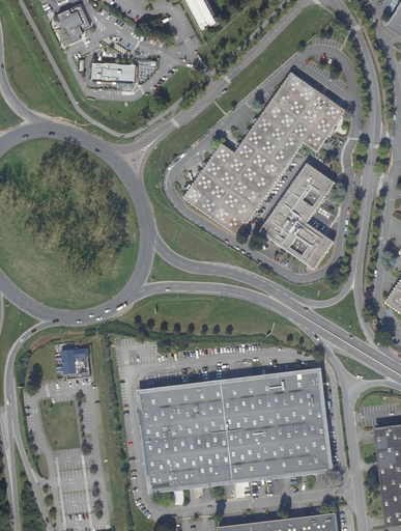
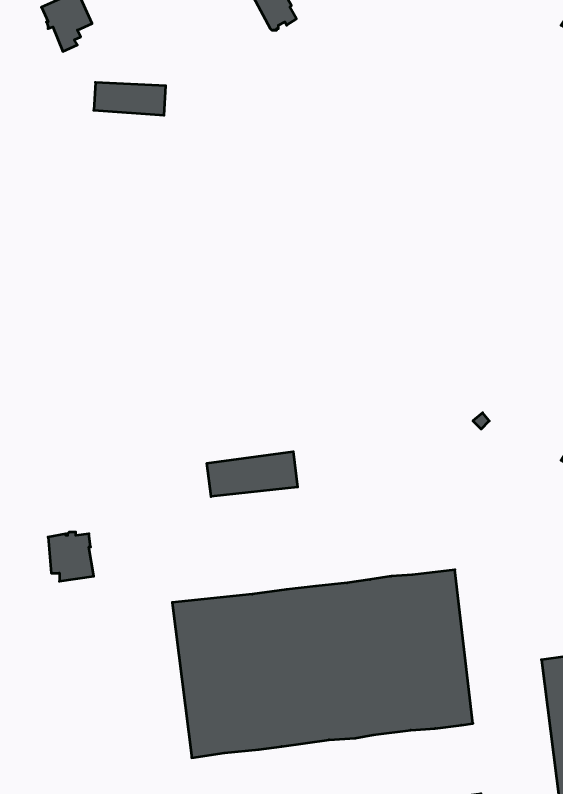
building: [183,73,345,234] -> none
building: [260,163,334,269] -> none
building: none -> [207,452,298,497]

